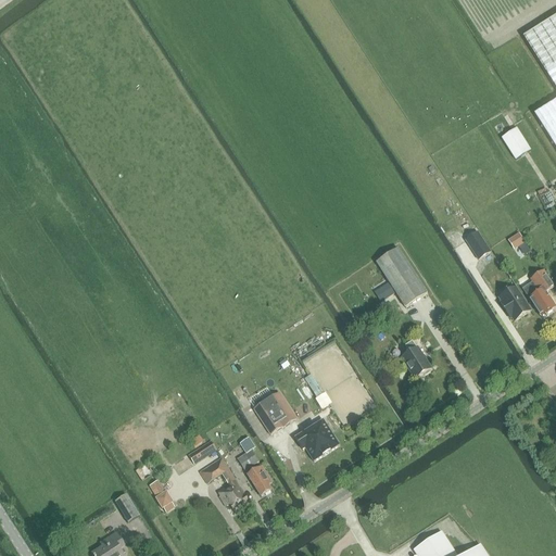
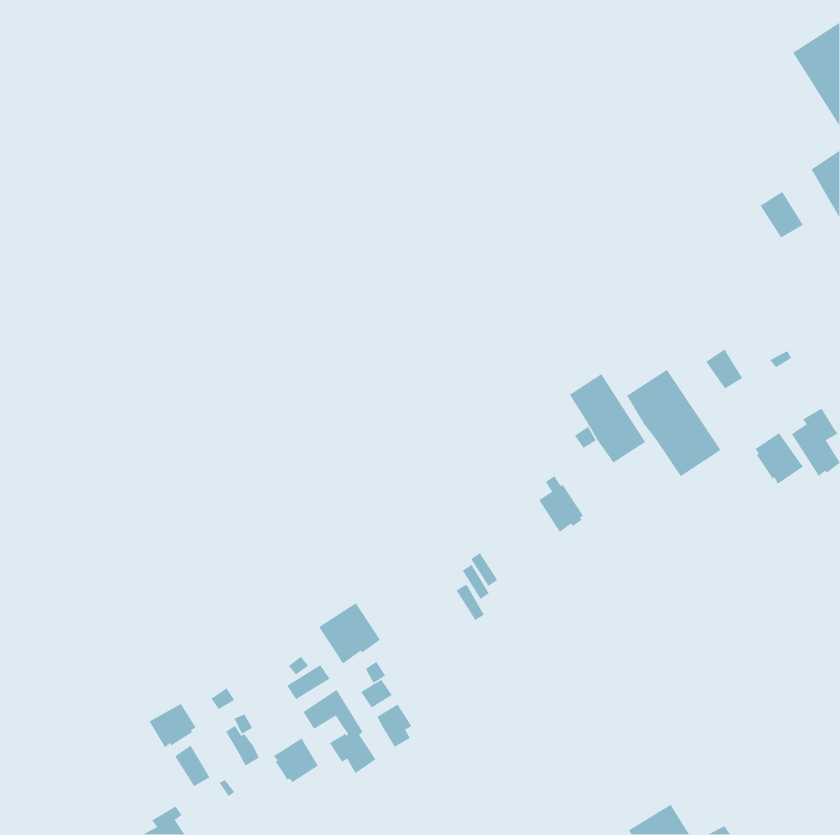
building: none -> [626,369,721,477]
building: [401,340,431,378] -> [538,475,584,533]
building: [255,392,296,433] -> [318,602,381,665]
building: [295,418,340,460] -> none
building: none -> [149,703,197,748]
building: none -> [273,737,319,783]

